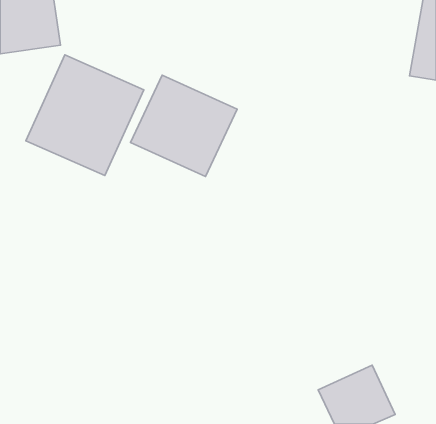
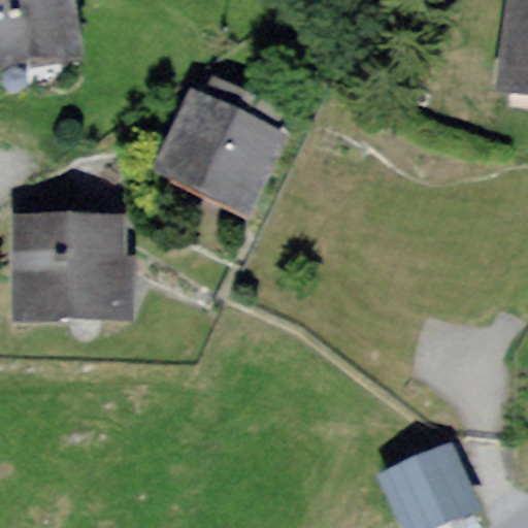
building: [26,55,144,176] -> none
building: none -> [10,214,131,311]

